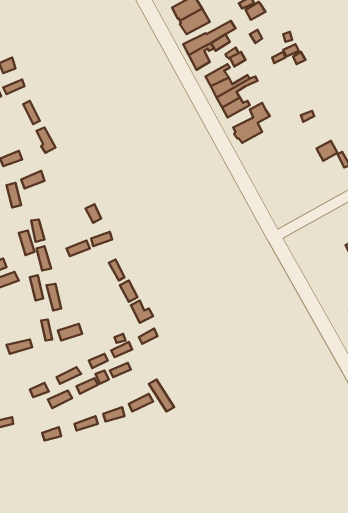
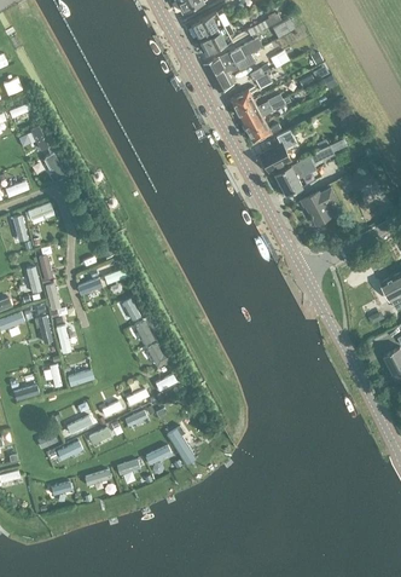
building: none -> [273,144,338,196]
building: none -> [301,186,336,224]

